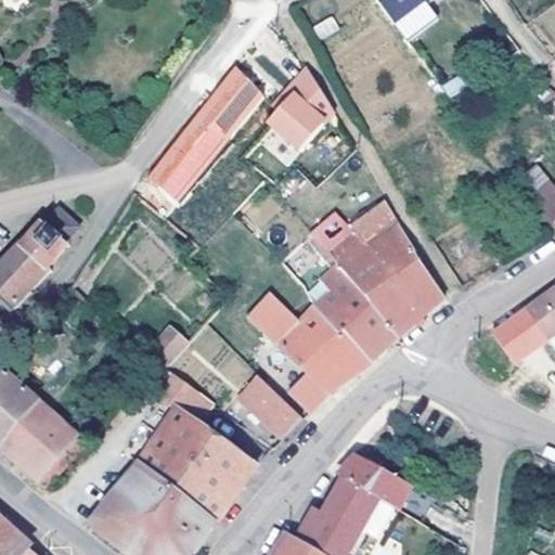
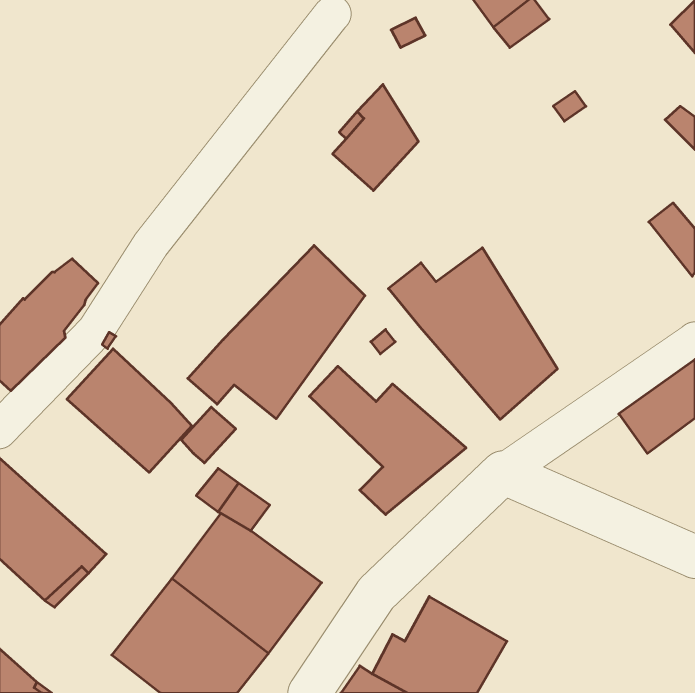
building: [145,69,262,201] -> none
building: none -> [188,245,365,419]
building: [312,260,398,357] -> none
building: none -> [67,349,192,472]
building: [237,374,301,436] -> none
building: [337,453,436,521] -> none

